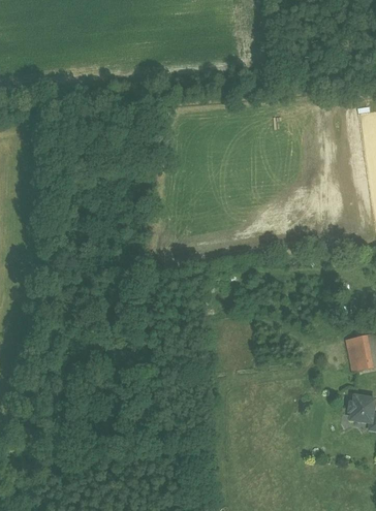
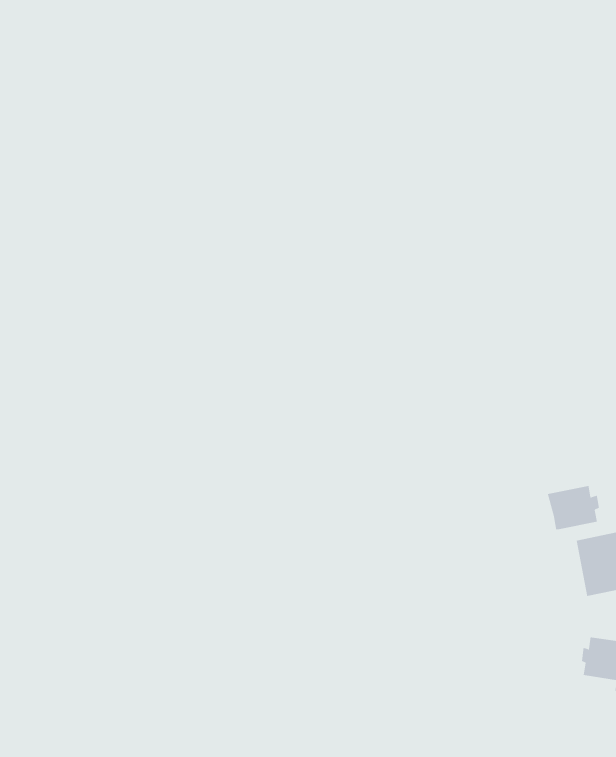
building: none -> [547,485,599,530]

